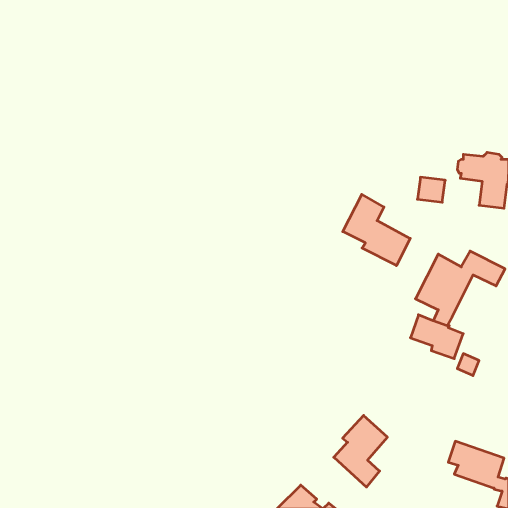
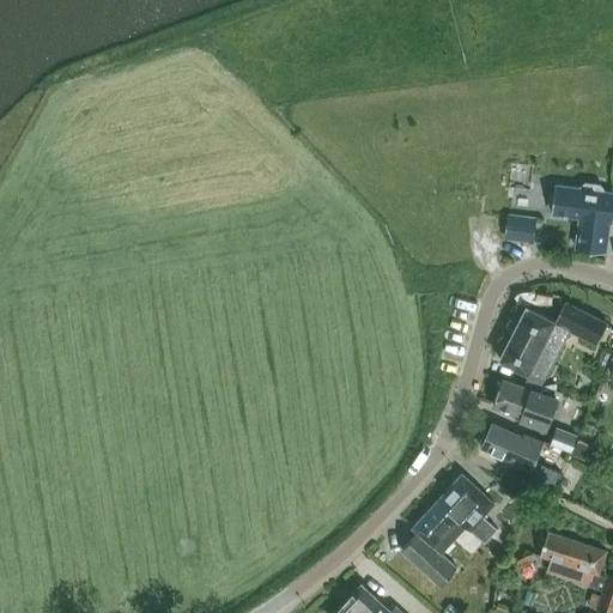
building: [343,194,410,266] -> none
building: none -> [481,423,562,490]
building: none -> [438,474,498,544]

